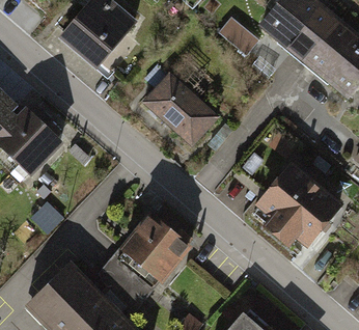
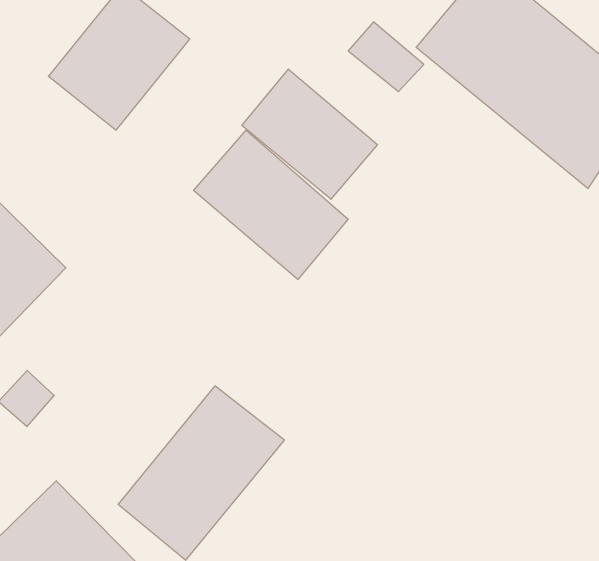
building: none -> [242,69,378,199]
building: [257,162,346,252] -> none

